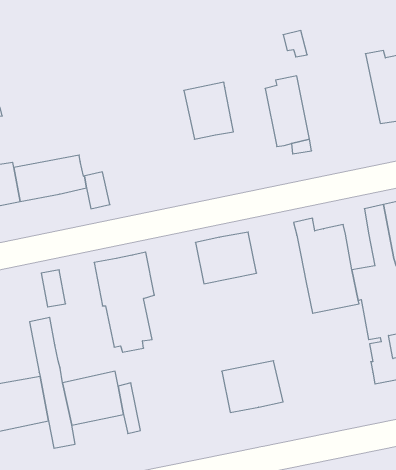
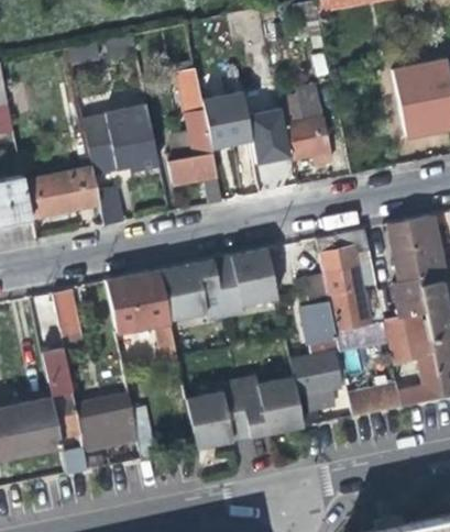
building: none -> [166,68,222,203]
building: none -> [244,95,294,169]
building: none -> [83,107,160,175]
building: none -> [162,259,222,313]
building: none -> [294,273,340,408]
building: none -> [348,384,400,415]
building: none -> [188,394,250,447]

